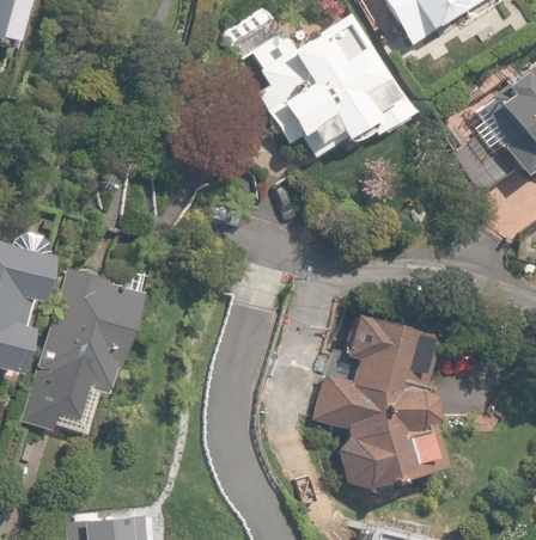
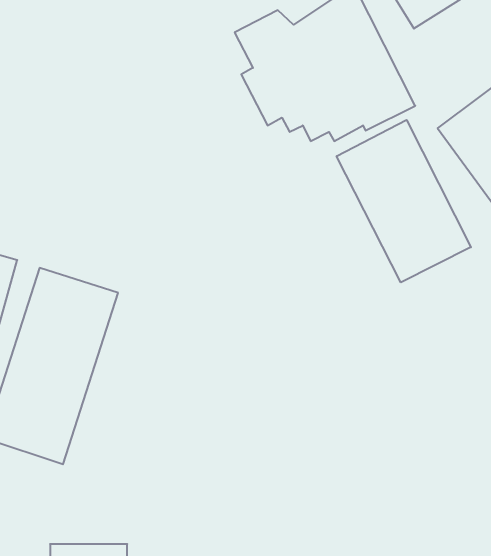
building: none -> [337,120,471,282]
building: [310,311,446,492] -> none

